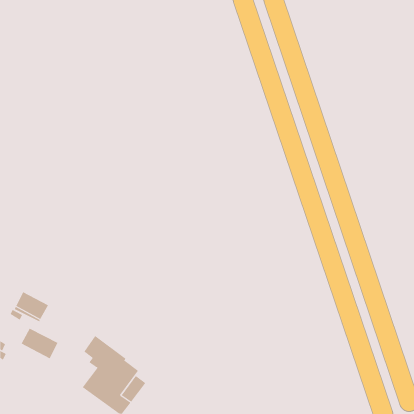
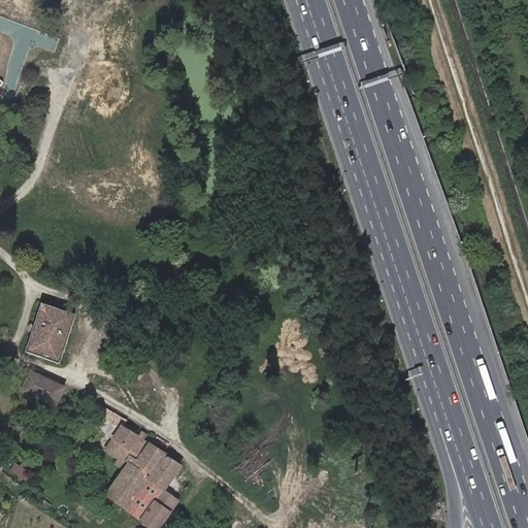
building: none -> [25,302,75,362]
building: [21,328,58,359] -> none

